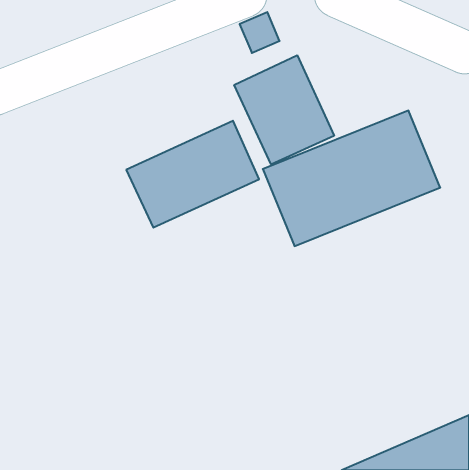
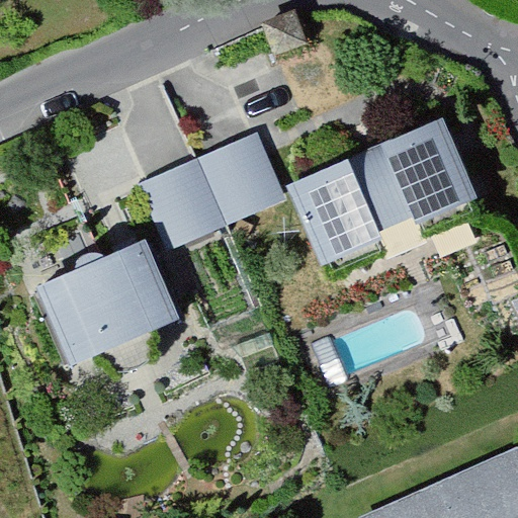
building: [234,55,334,164] -> none
building: none -> [37,234,183,362]

